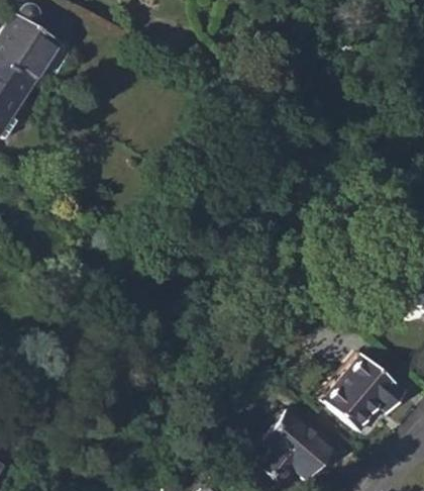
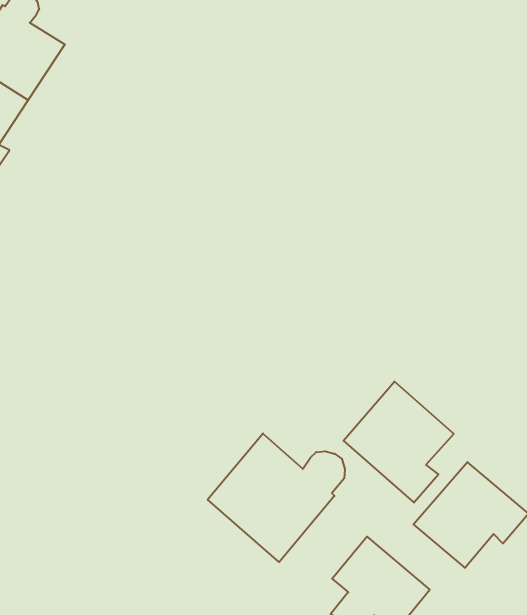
building: none -> [344,381,454,503]
building: none -> [208,433,345,562]

